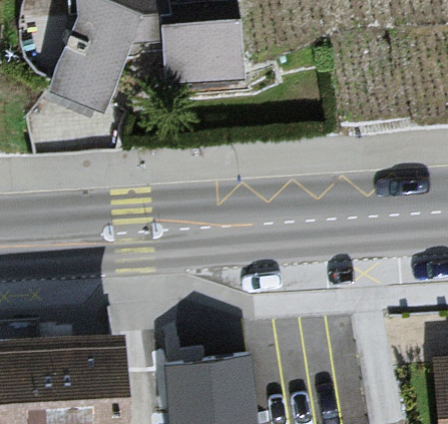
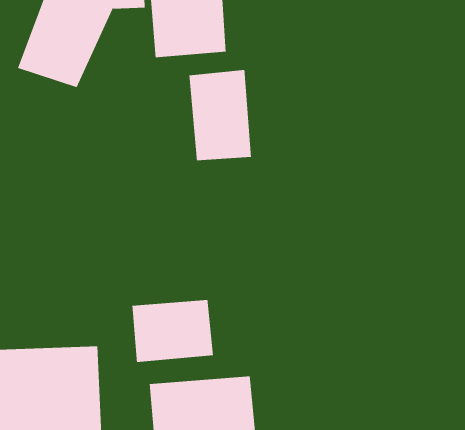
building: none -> [189,69,252,161]
building: none -> [132,299,213,363]

